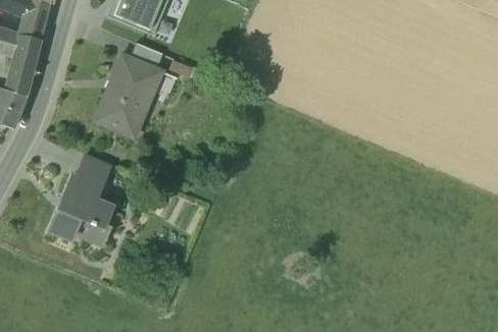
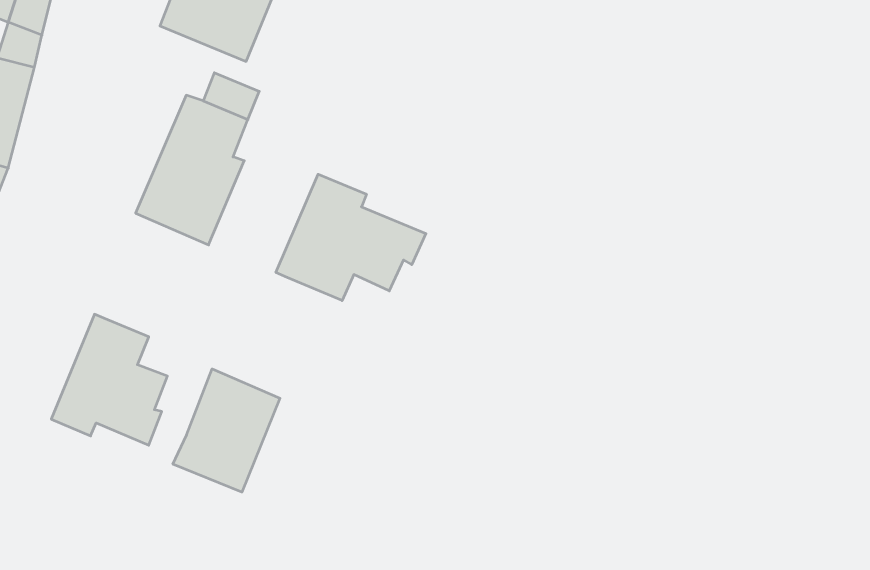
building: none -> [276,174,426,301]
building: [78,154,111,186] -> none
building: none -> [173,369,280,492]

